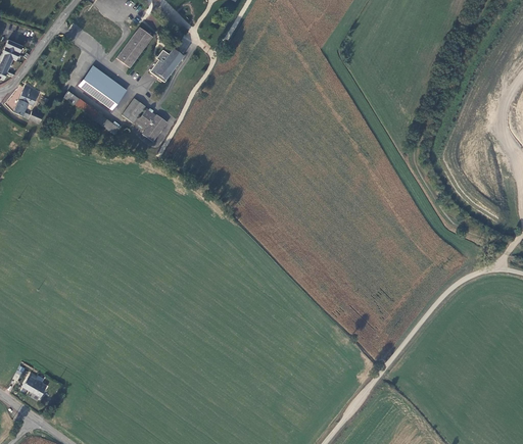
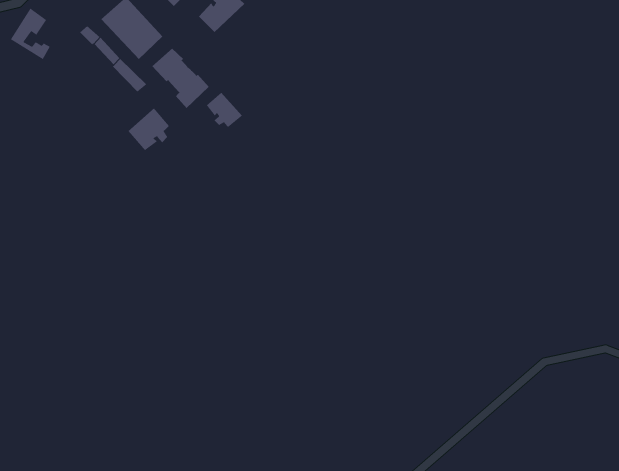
building: none -> [206,92,243,128]
building: none -> [128,107,170,151]

